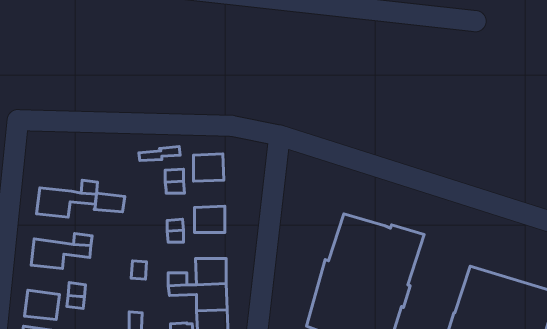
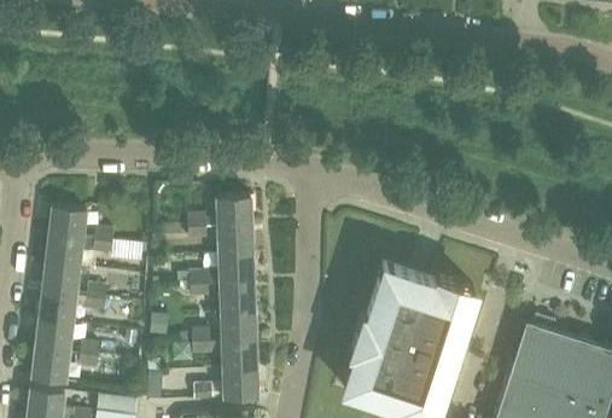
building: none -> [48,205,87,237]
building: none -> [218,225,253,255]
building: none -> [42,262,80,295]
building: none -> [220,283,255,312]
building: none -> [35,319,74,352]

